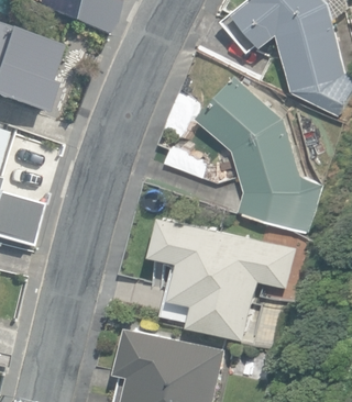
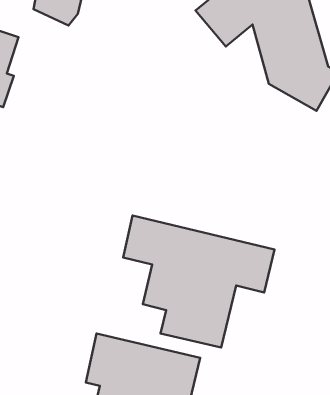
building: [197,76,319,231] -> none

